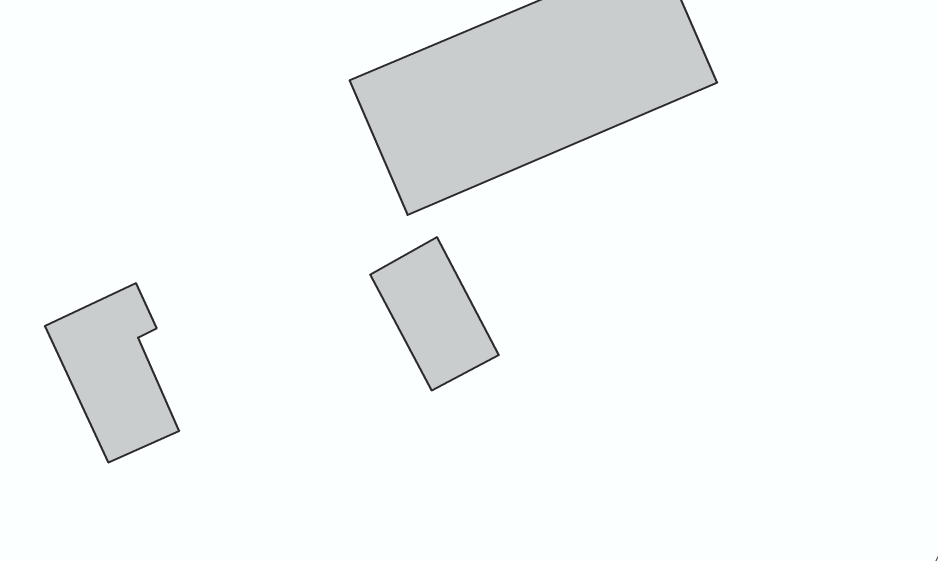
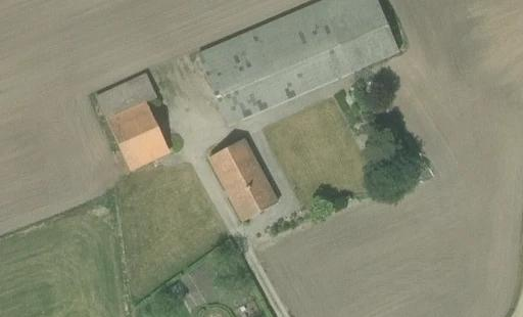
building: [45,283,179,462] -> [96,72,170,170]

